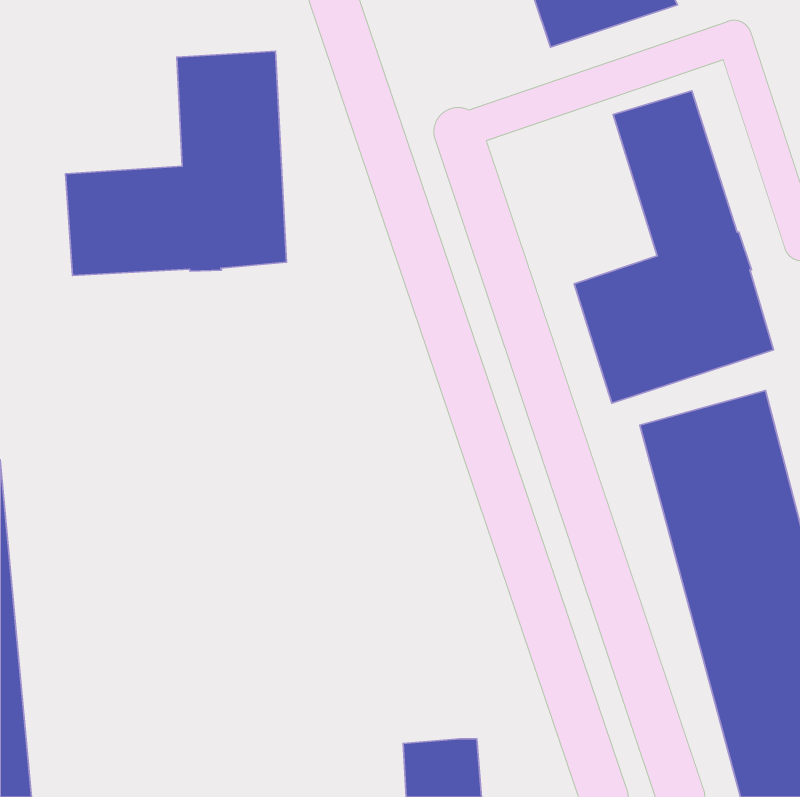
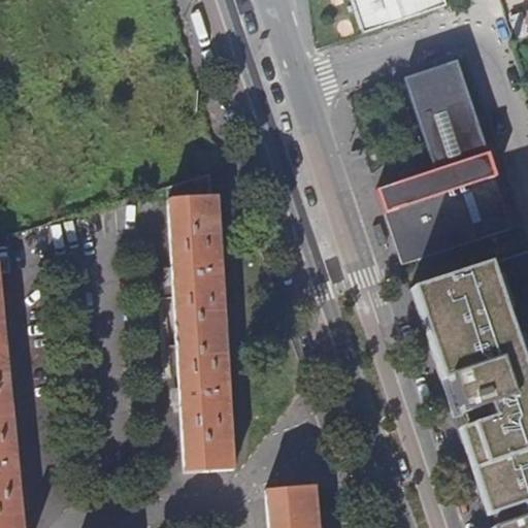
building: [65,51,287,275] -> none
building: none -> [167,171,233,470]

